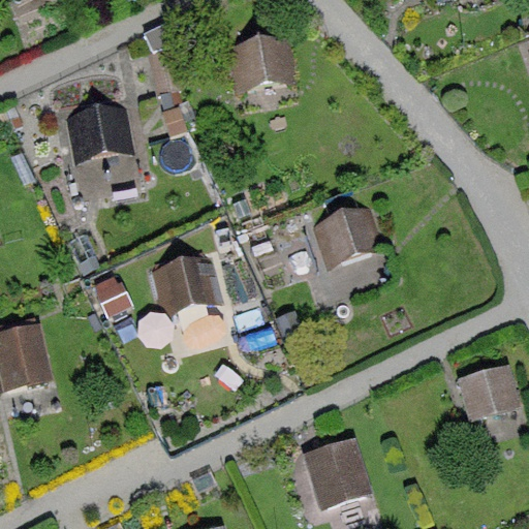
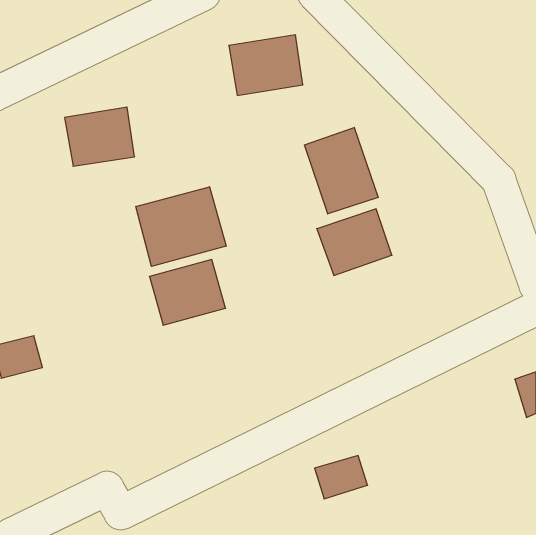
building: none -> [305,127,378,214]
building: none -> [136,187,226,266]

